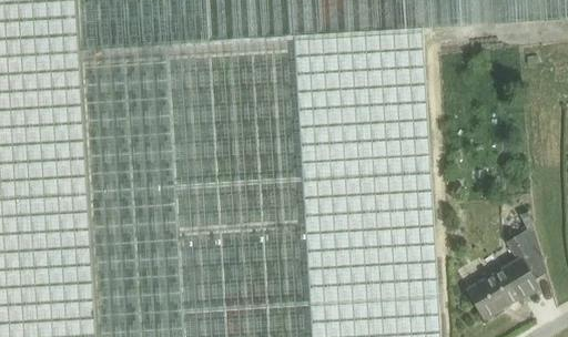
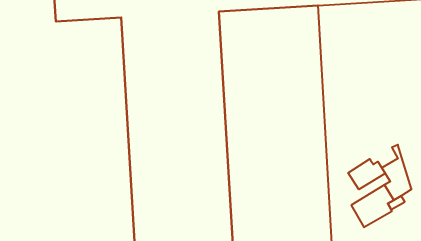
building: none -> [348,159,385,189]

